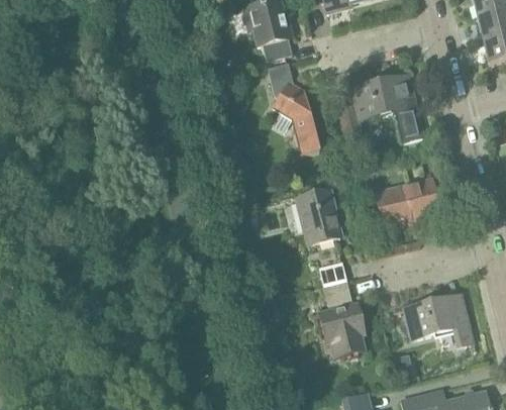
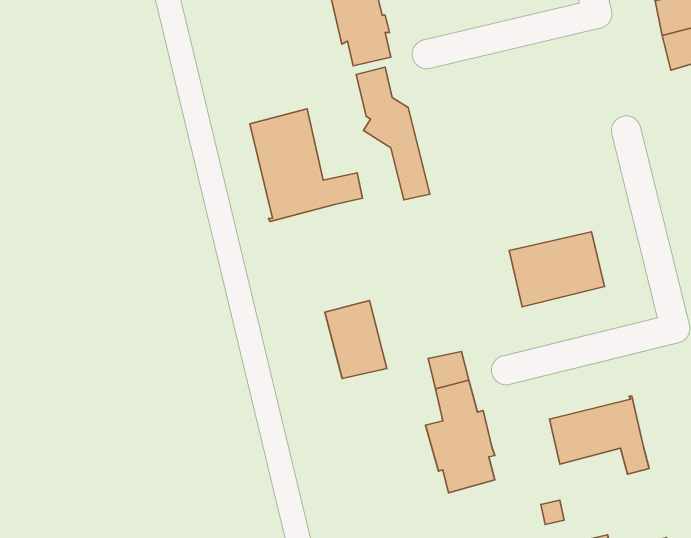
building: [340,75,423,142] -> none
building: none -> [250,109,363,221]
building: [298,189,341,243] -> [325,301,387,379]

